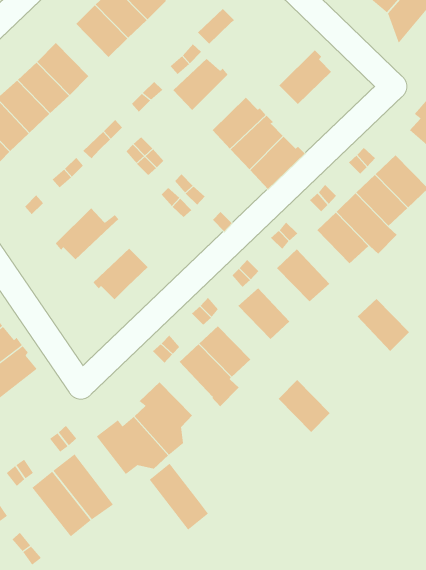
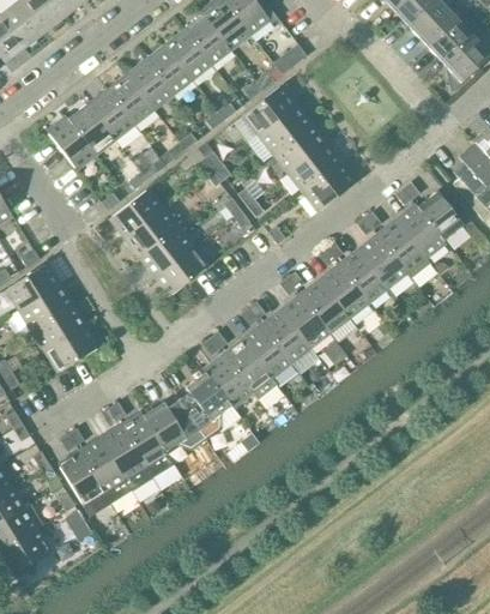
building: none -> [146,43,192,91]
building: [278,49,332,105] -> [261,103,310,151]
building: none -> [113,189,162,237]
building: none -> [143,228,192,276]
building: none -> [303,281,347,330]
building: [357,298,410,352] -> [341,251,387,300]
building: none -> [206,355,252,404]
building: [278,379,331,433] -> [264,311,309,360]
building: [149,463,209,531] -> [123,414,174,476]
building: none -> [60,453,111,514]

